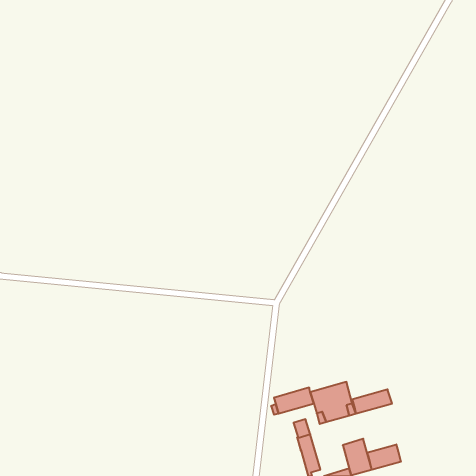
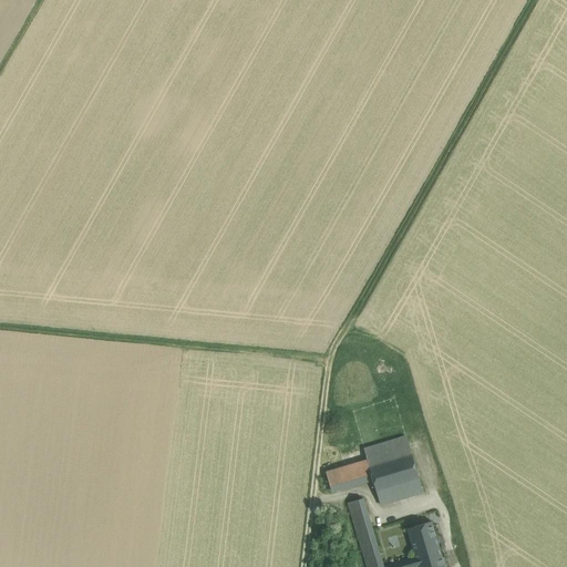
building: [352,389,392,414] -> [364,437,412,466]
building: [367,444,401,470] -> none

